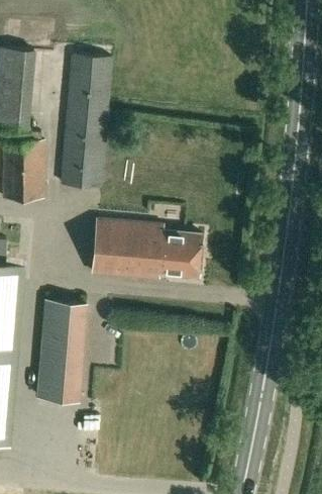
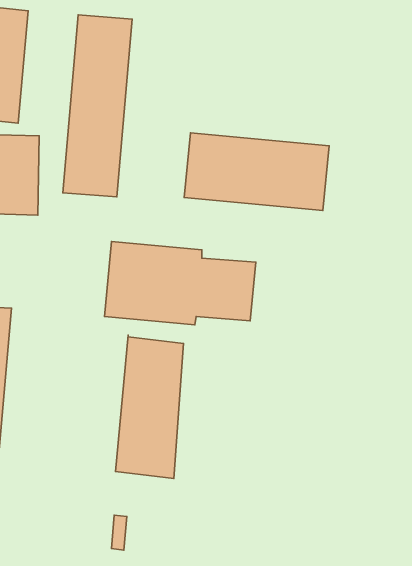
building: none -> [184,133,329,210]
building: [36,303,86,407] -> [116,335,184,478]

